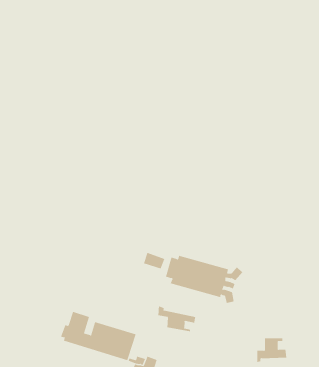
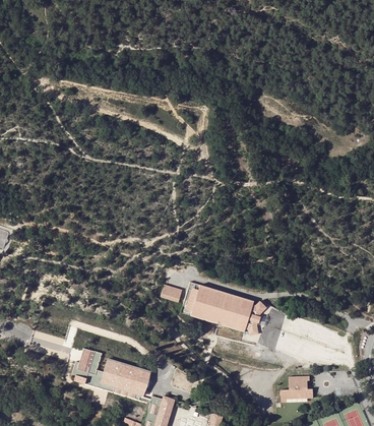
building: [158,306,196,332] -> none

